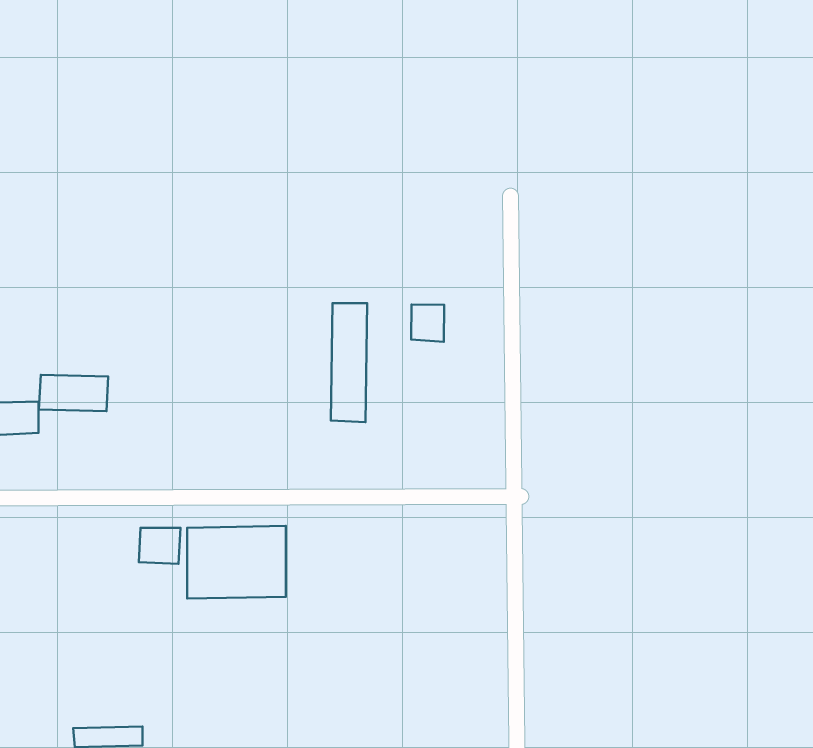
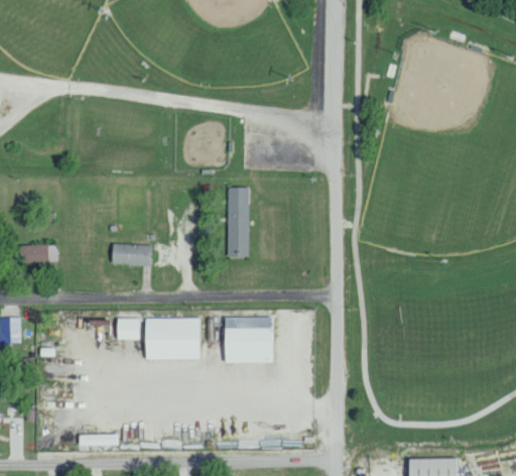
building: [411,304,444,342] -> none
building: [39,375,108,411] -> [111,244,151,265]
building: none -> [224,317,274,363]

